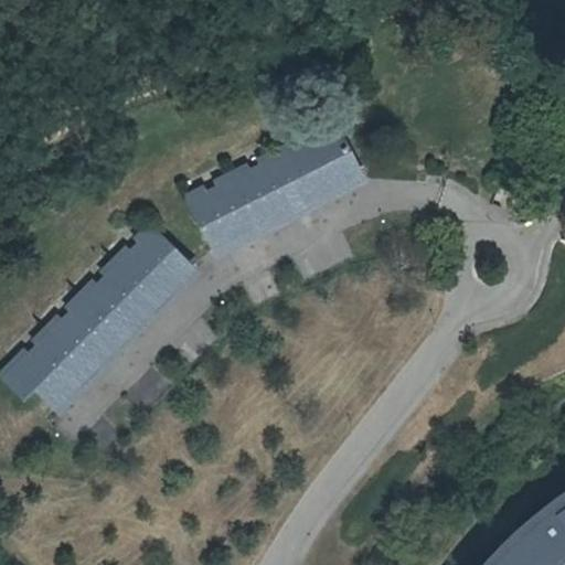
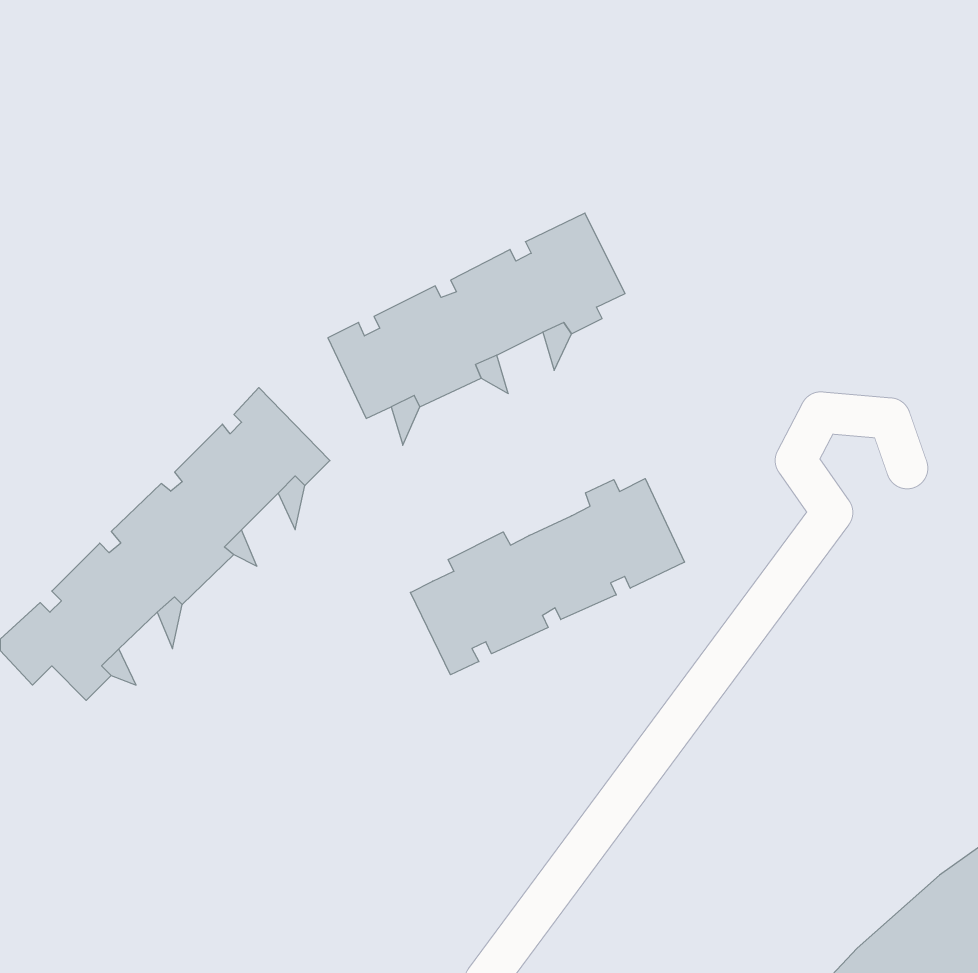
building: none -> [410,479,684,675]

